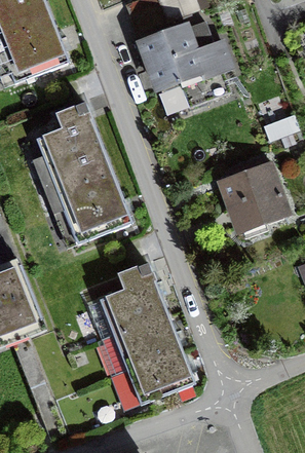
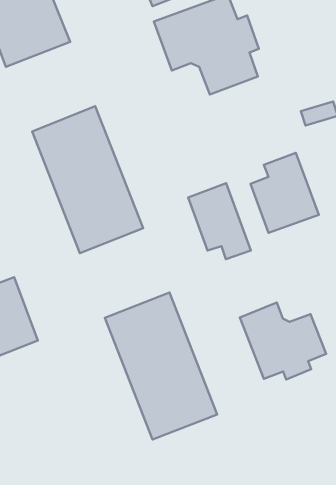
building: none -> [188,183,251,259]
building: none -> [240,303,326,379]

